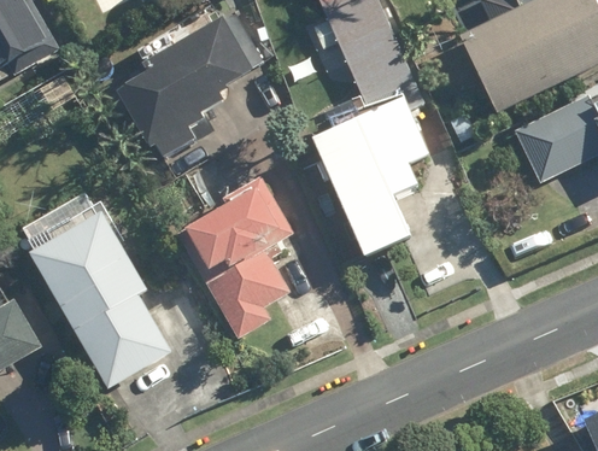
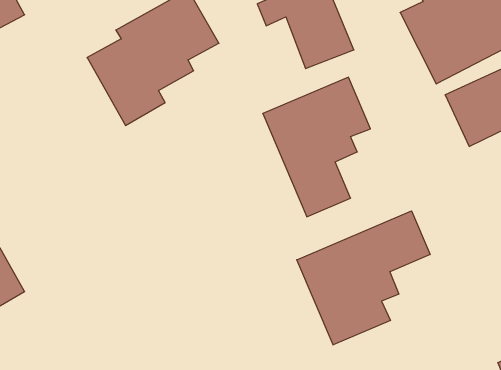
building: [177,181,294,339] -> none
building: [35,207,177,386] -> none
building: none -> [297,211,430,345]

